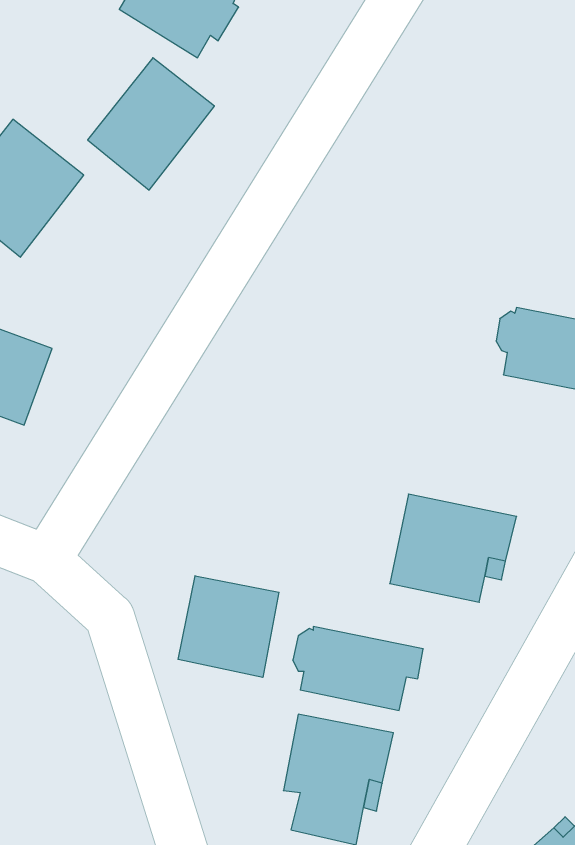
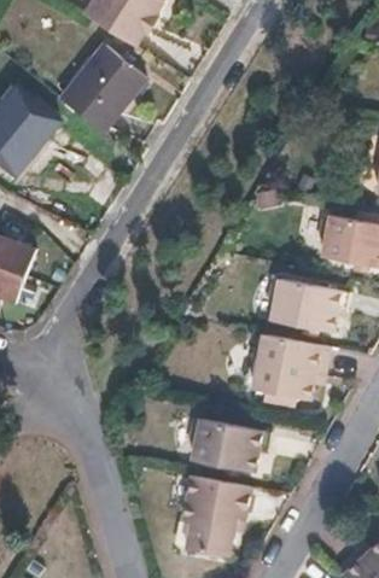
building: none -> [270,275,348,331]
building: [178,576,279,677] -> none

